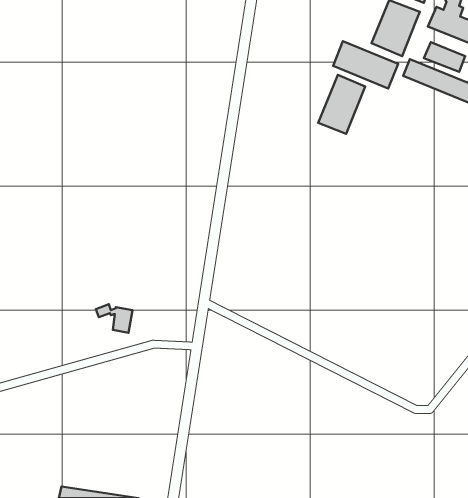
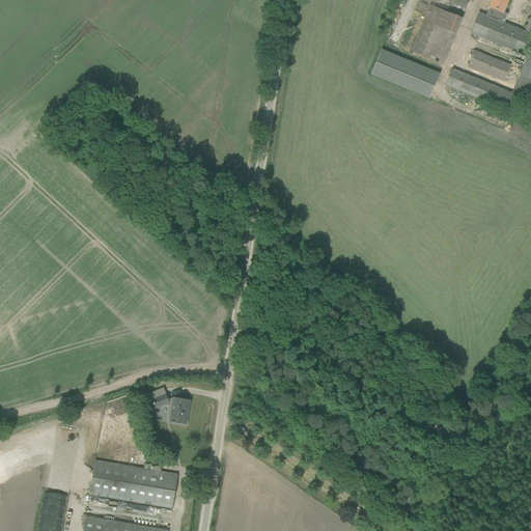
building: [318,75,365,134] -> none
building: [96,304,132,333] -> [152,393,191,423]
building: none -> [90,459,178,507]

